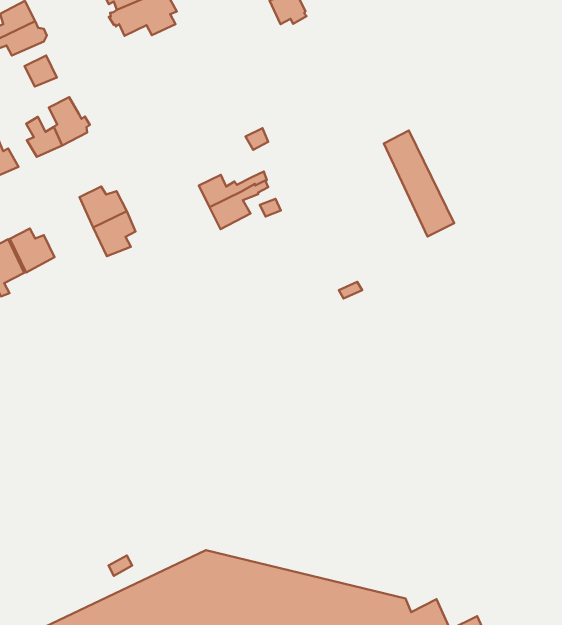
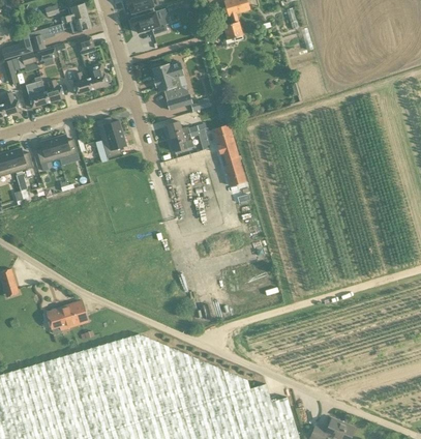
building: none -> [152,63,192,110]
building: [384,131,454,236] -> [213,124,246,186]
building: none -> [47,300,88,330]

